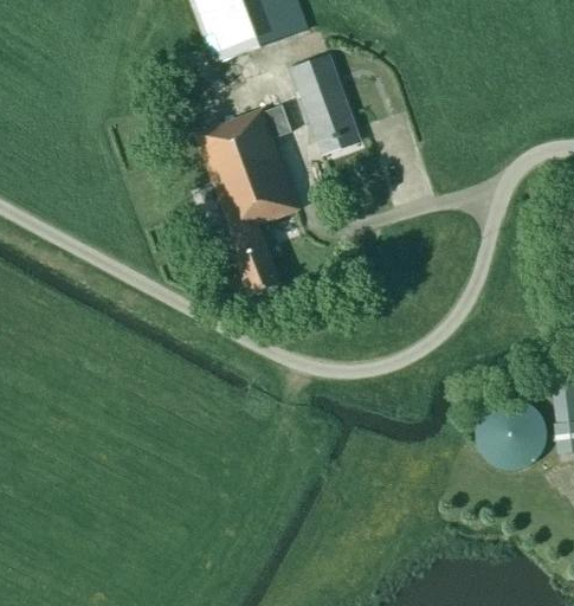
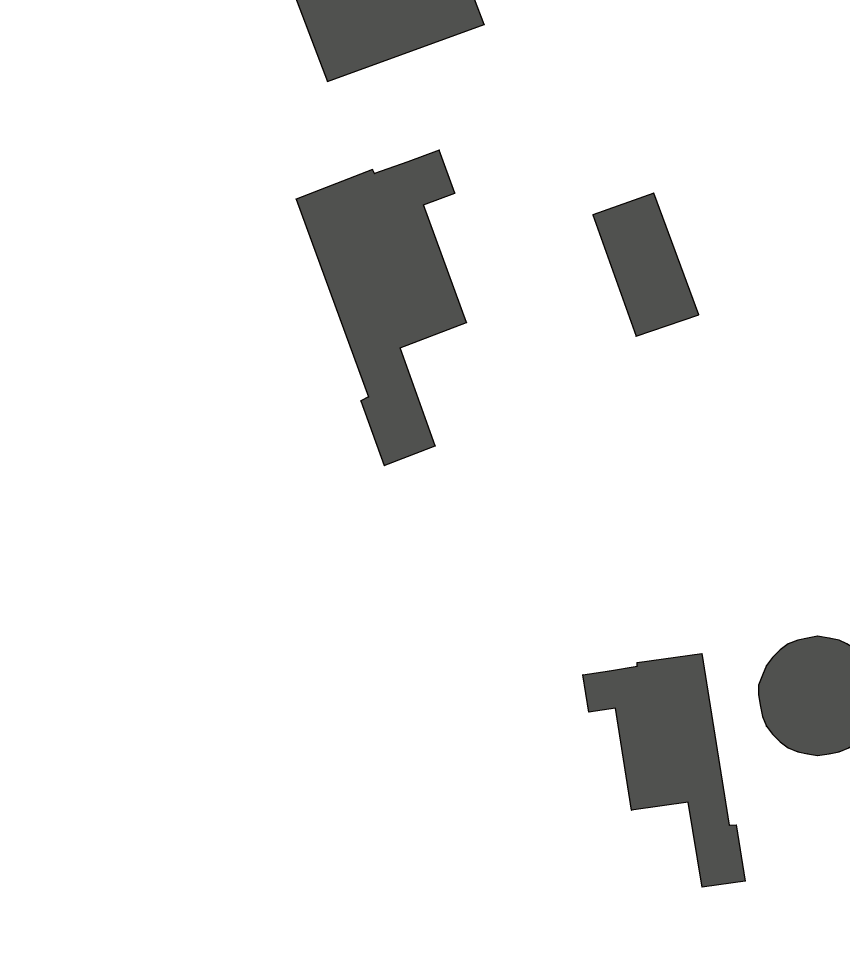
building: [292,54,356,141] -> [593,193,699,336]
building: none -> [583,654,745,887]

